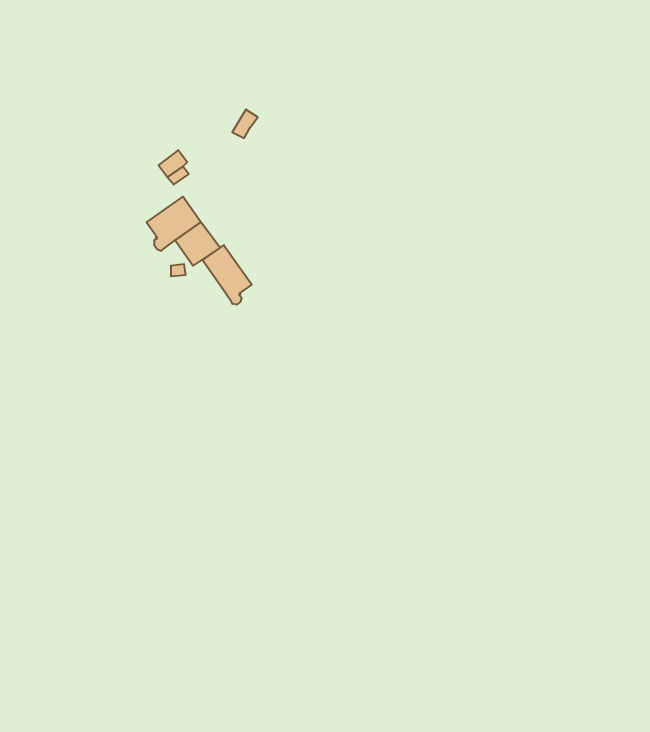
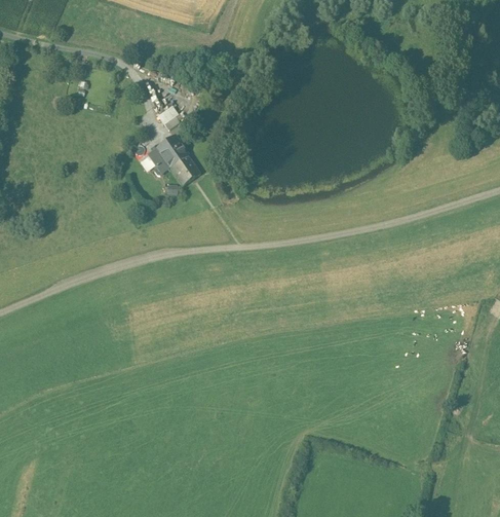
building: [202,245,252,305] -> none

